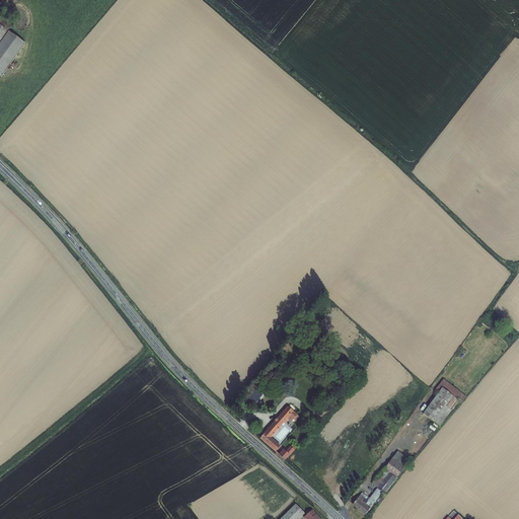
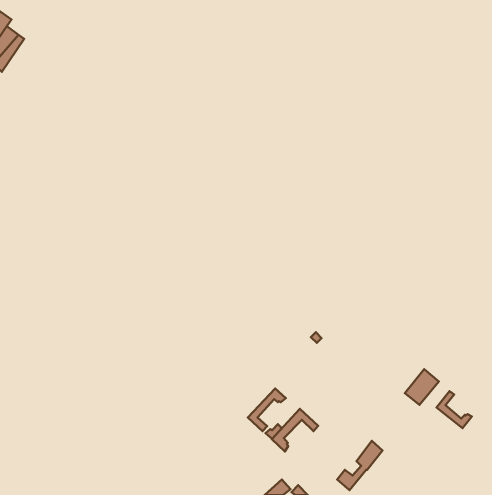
building: none -> [436,391,472,428]
building: none -> [272,409,318,451]

